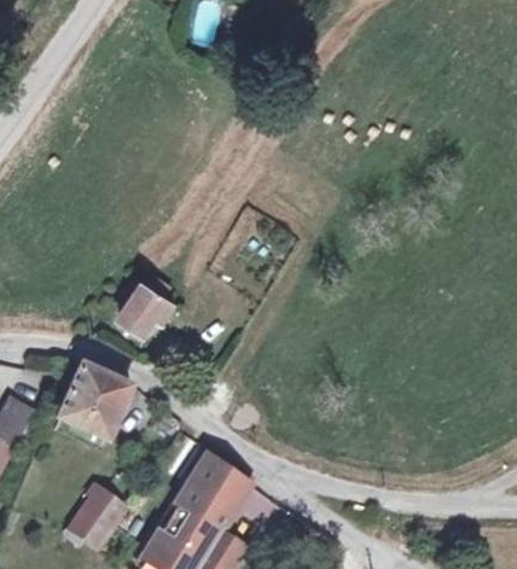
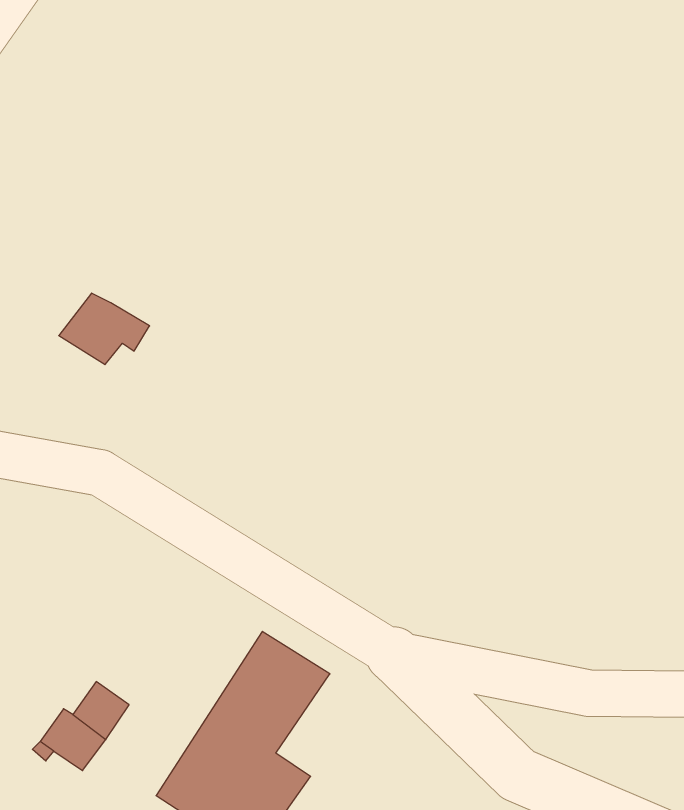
building: [117,285,174,330] -> [59,293,150,365]
building: [58,364,129,440] -> none

